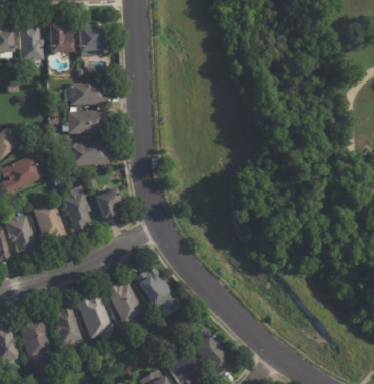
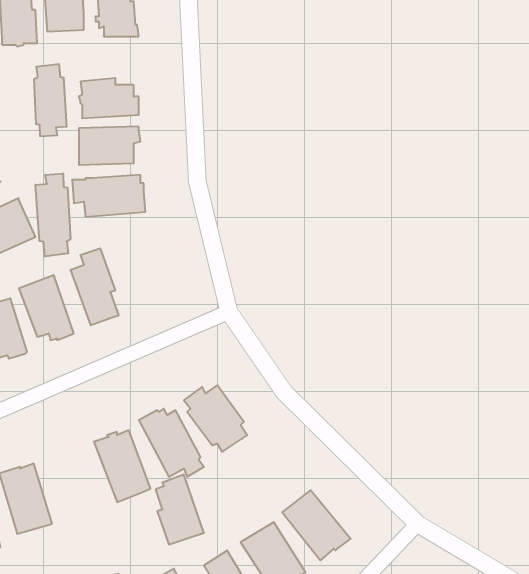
building: none -> [34,64,67,136]
building: none -> [36,173,71,257]
building: [94,187,120,217] -> none
building: [52,305,81,347] -> [156,475,204,545]

